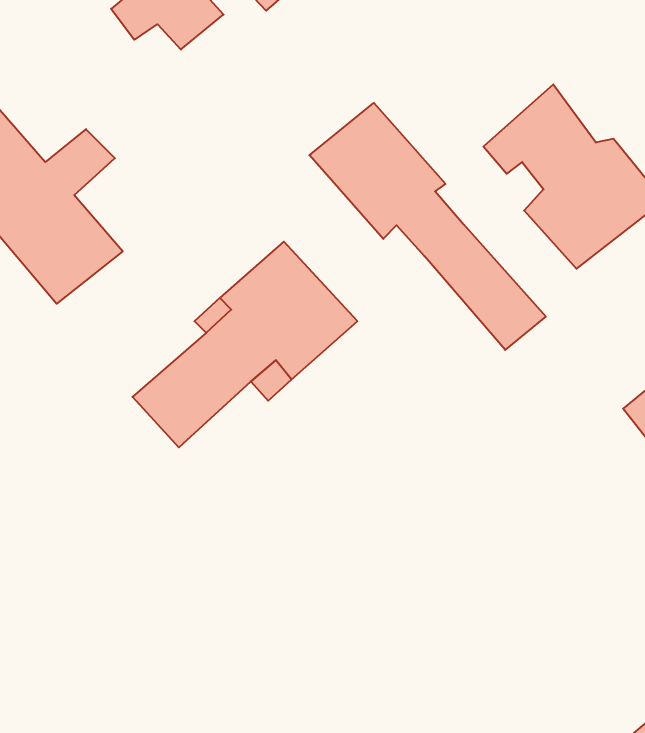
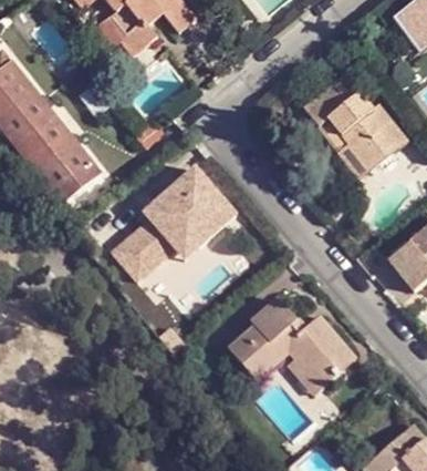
building: [309,103,546,350] -> none
building: none -> [227,296,357,395]

